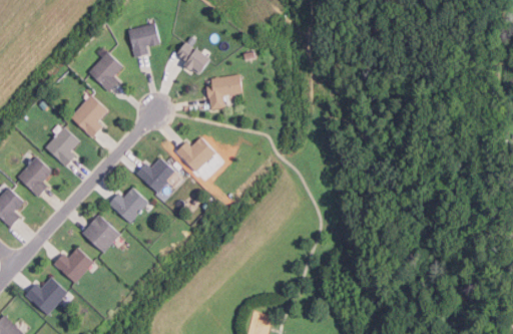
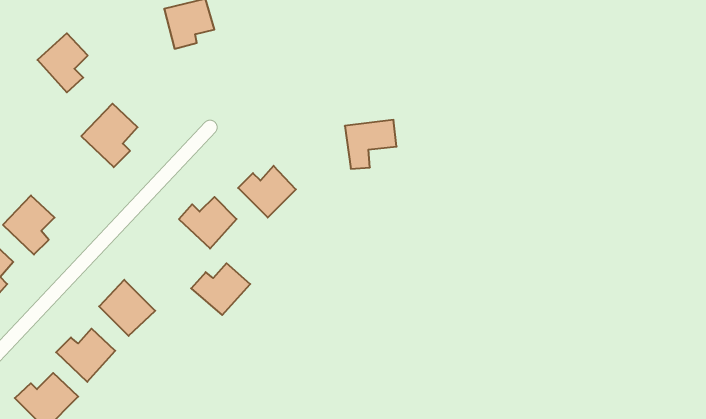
building: [176,39,211,74] -> none
building: [88,52,122,92] -> [37,33,88,92]
building: [207,75,242,108] -> [345,120,397,169]
building: [44,126,80,166] -> none
building: [108,187,148,222] -> [191,263,250,315]

